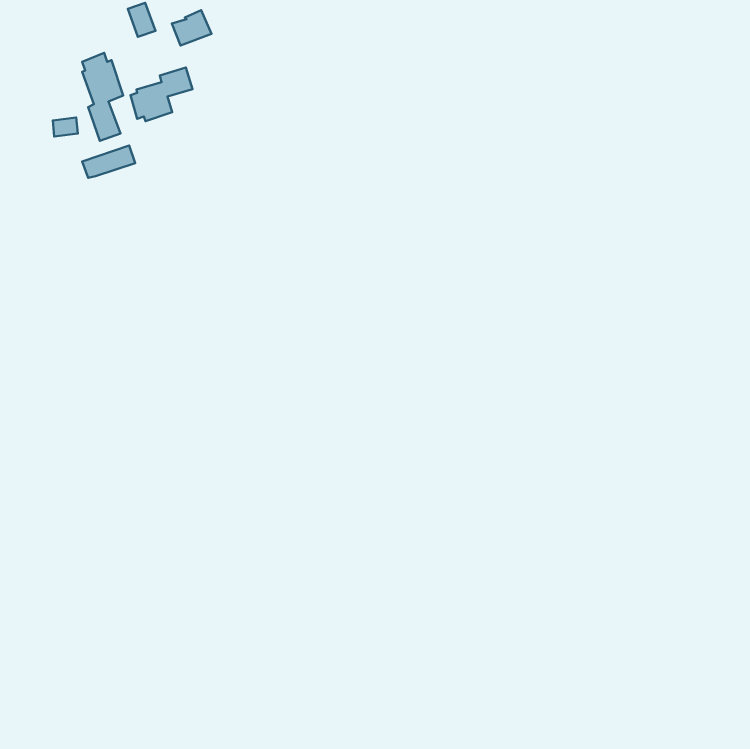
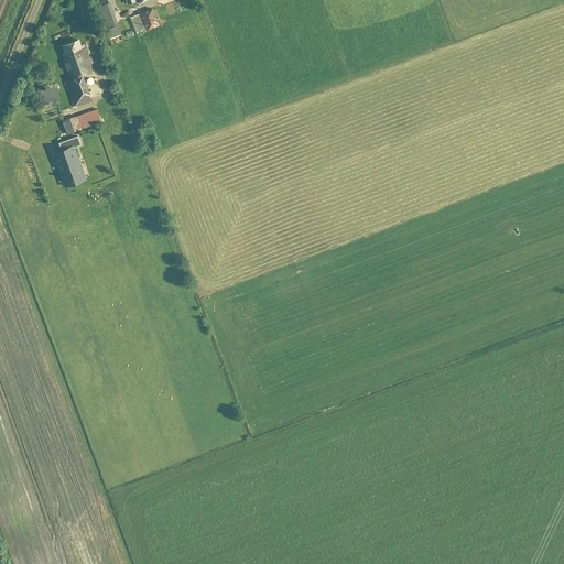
building: [130,67,193,121] -> none
building: none -> [53,137,83,182]

